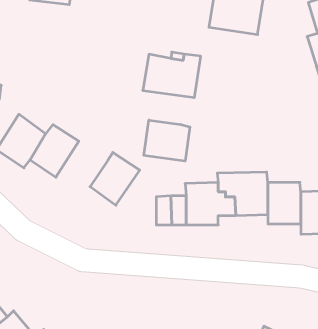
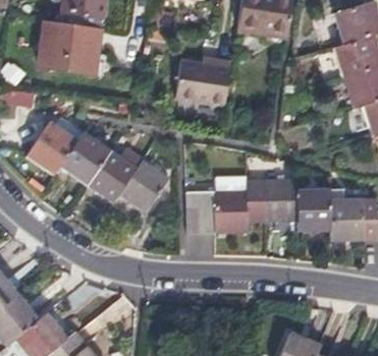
building: none -> [39,19,106,73]
building: [144,120,190,161] -> none
building: none -> [88,149,139,202]

